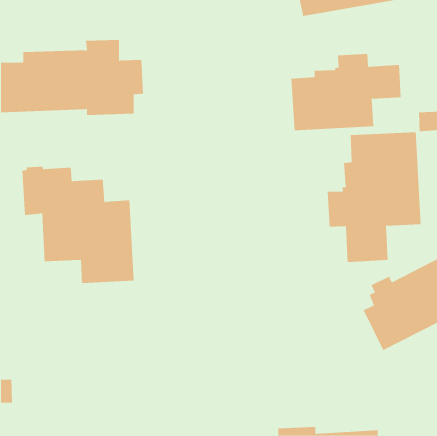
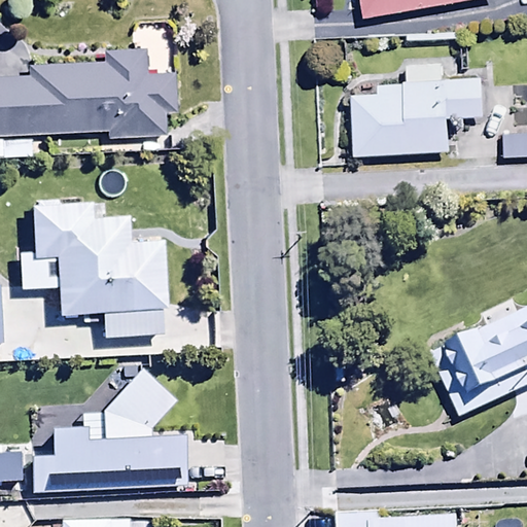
building: [327,132,421,263] -> none
building: none -> [31,367,187,493]

